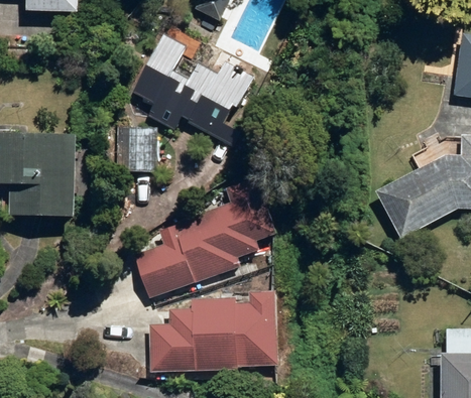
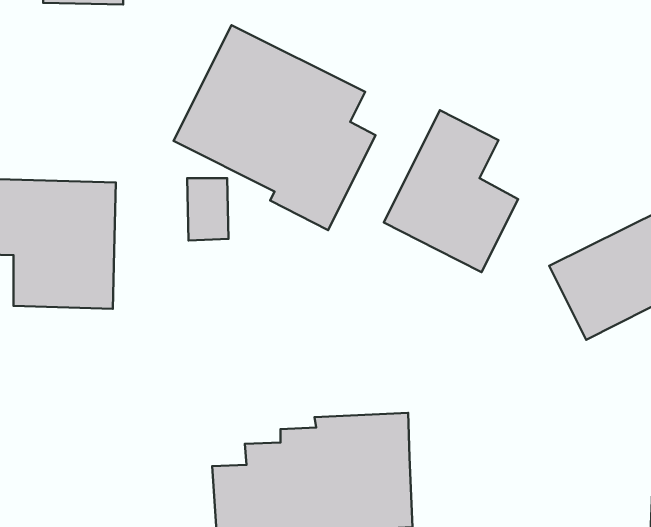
building: none -> [384,110,518,272]
building: [130,185,275,297] -> none

